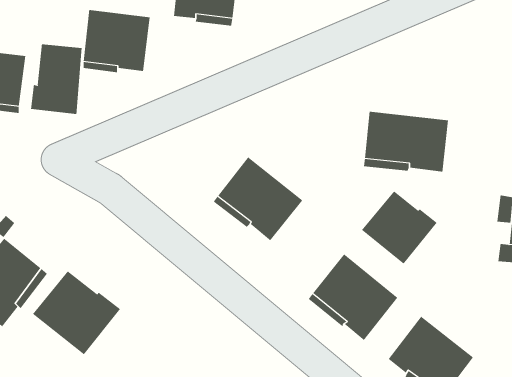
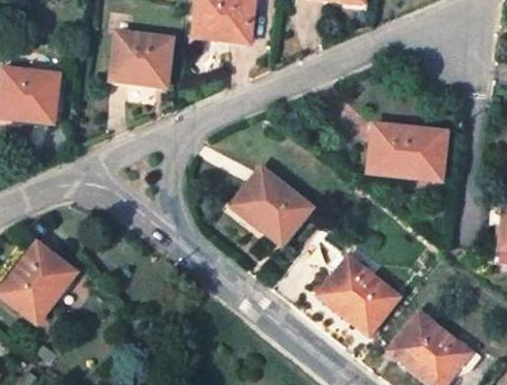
building: [31,44,82,115] -> none
building: [361,191,437,264] -> none
building: [32,270,121,355] -> none

